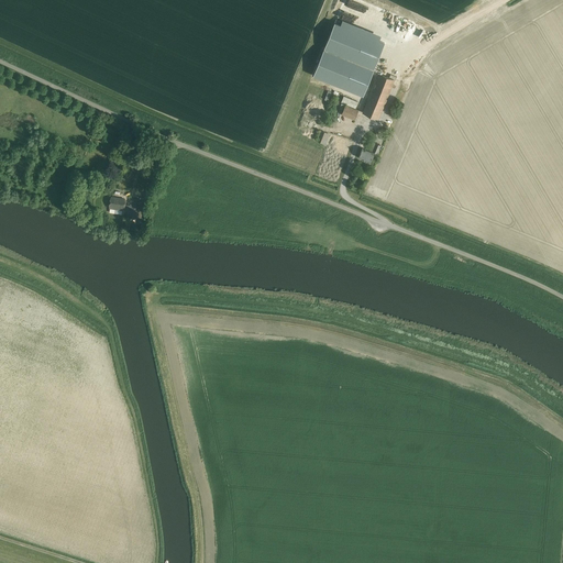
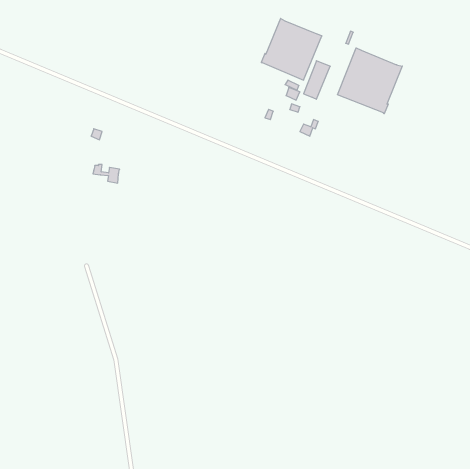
building: none -> [337,48,402,114]

